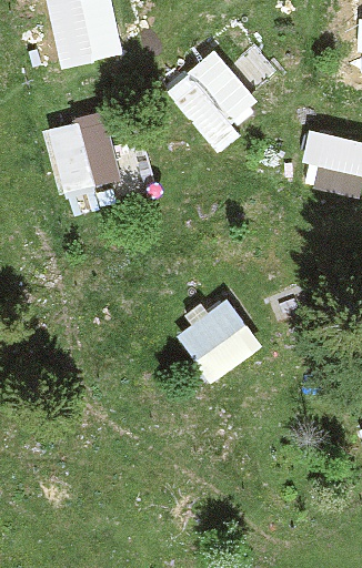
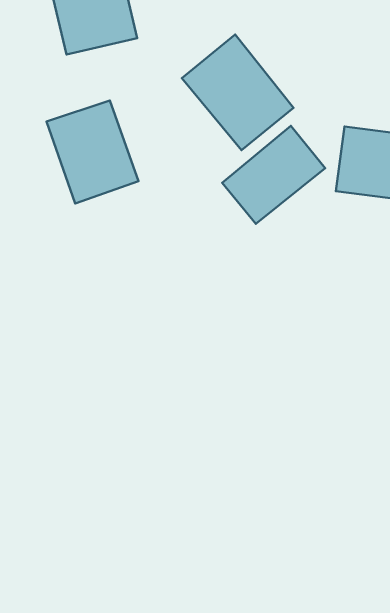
building: none -> [222,126,325,224]
building: [171,296,263,387] -> none

